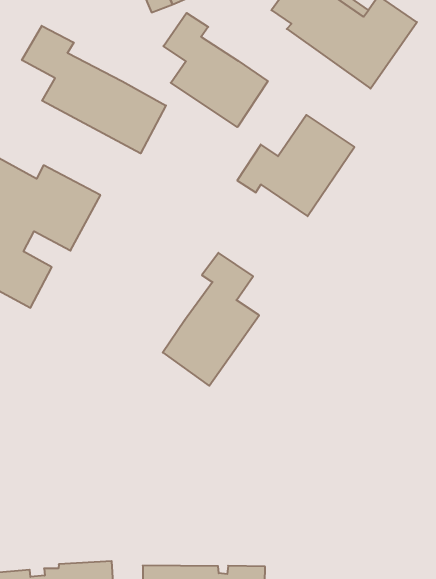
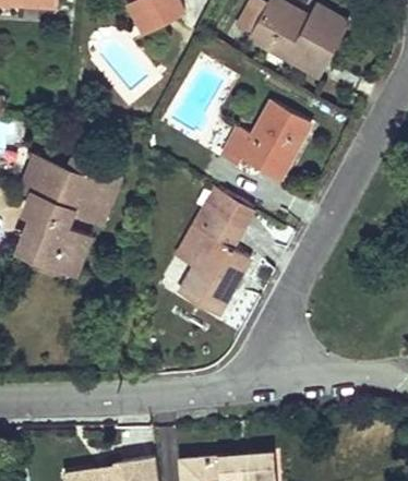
building: [163,13,268,127] -> none
building: [22,26,166,153] -> none
building: none -> [176,188,253,267]

